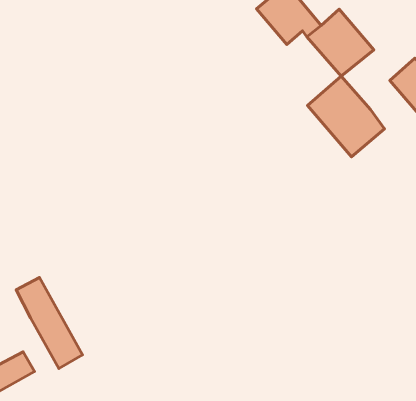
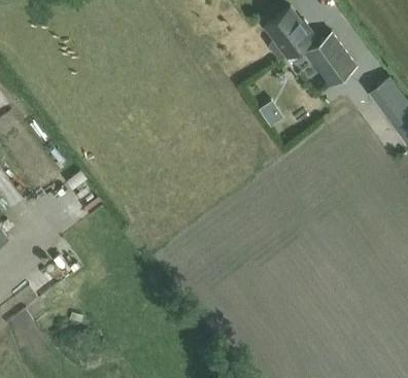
building: [308,76,385,157] -> none
building: [16,278,82,368] -> none

